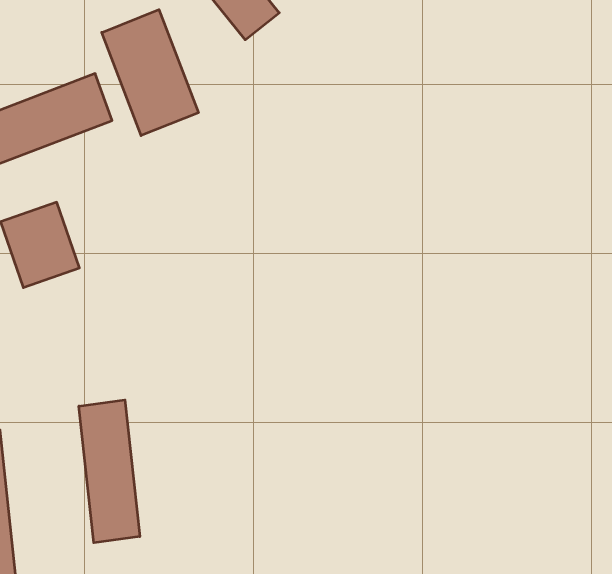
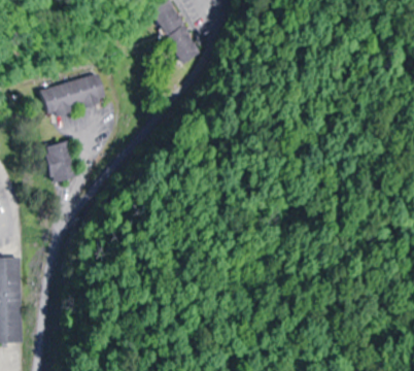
building: [102,10,198,136] -> none
building: [79,400,140,543] -> none

